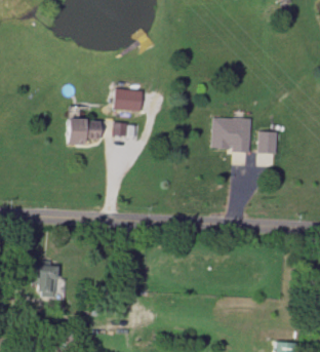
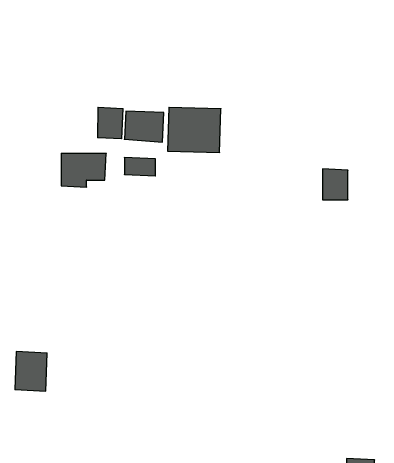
building: none -> [98,107,123,139]
building: [211,118,250,151] -> [168,107,221,152]

